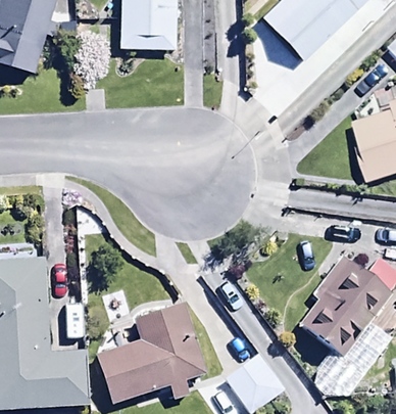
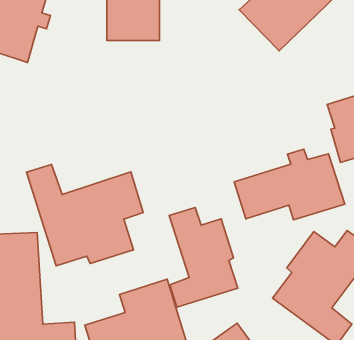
building: none -> [234,149,345,220]
building: none -> [27,164,143,266]
building: none -> [169,207,238,307]

